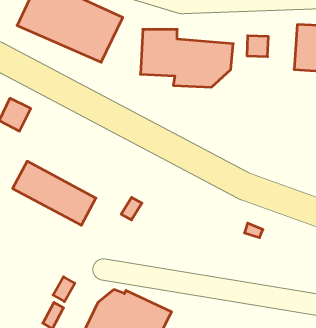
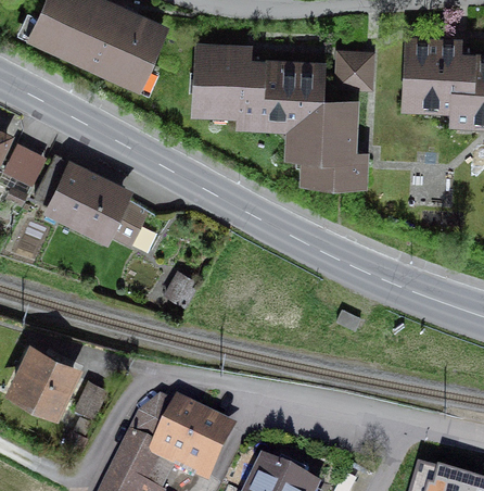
building: none -> [290,101,364,184]
building: [13,161,96,225] -> [34,159,147,246]
building: none -> [9,347,77,414]

